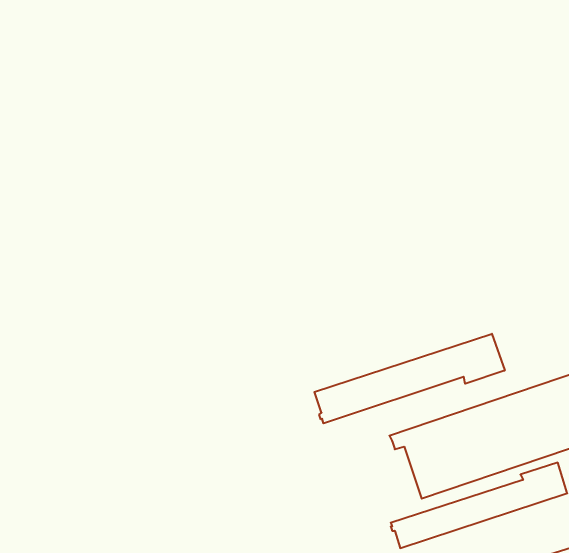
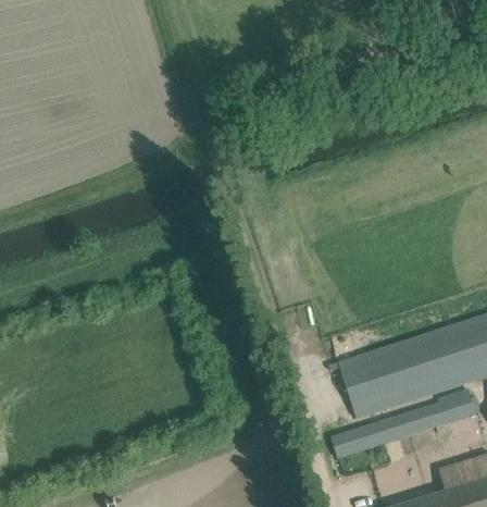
building: [314,334,505,423] -> none

